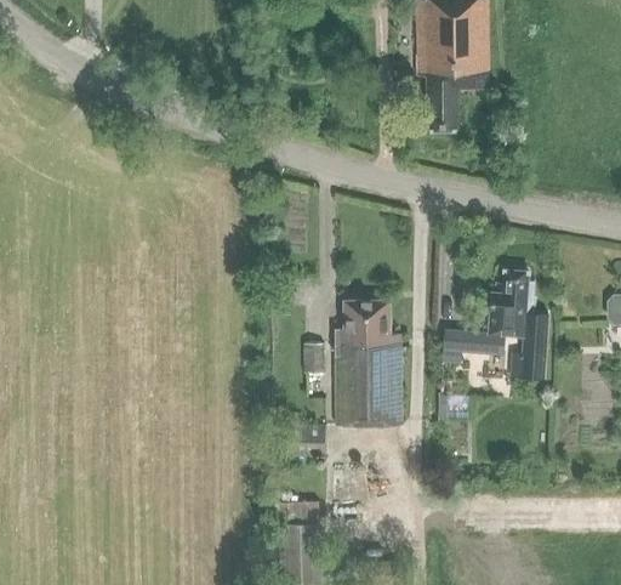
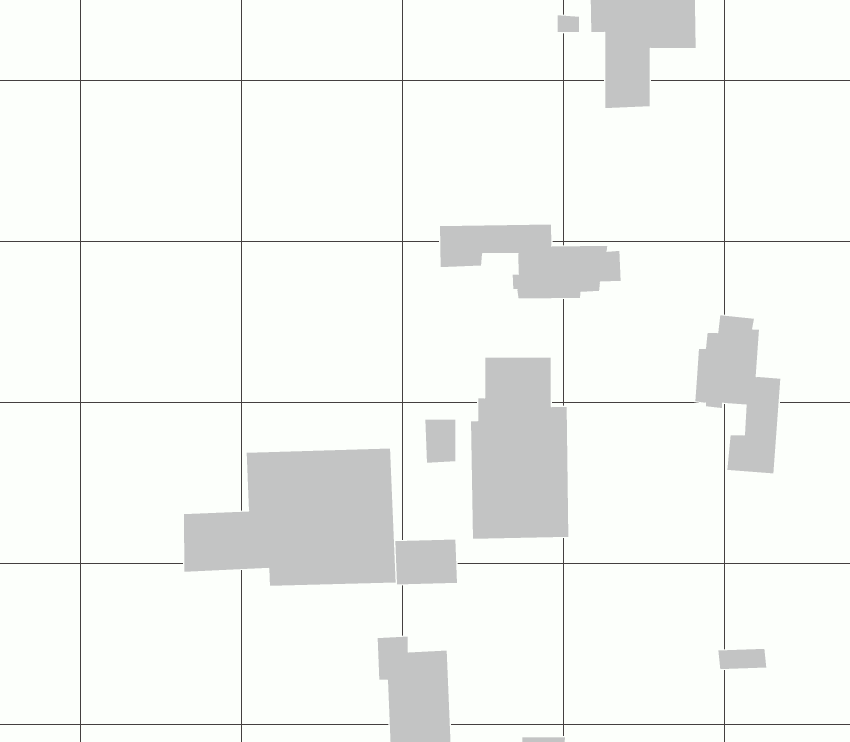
building: none -> [439,224,621,299]
building: [441,329,503,364] -> none
building: none -> [183,448,396,587]

